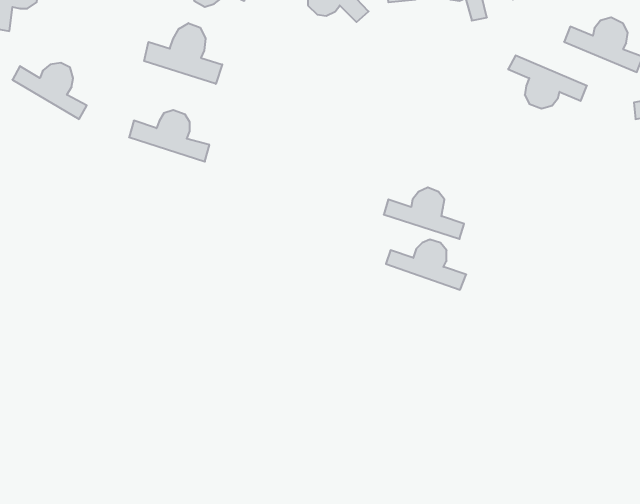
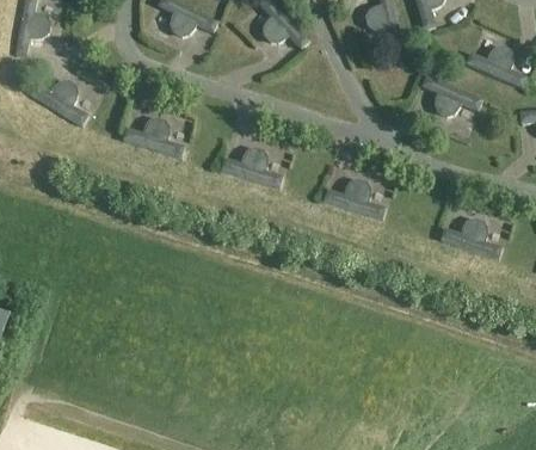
building: [144,23,222,84] -> none
building: none -> [220,147,283,187]
building: [386,240,466,290] -> [439,218,503,258]

